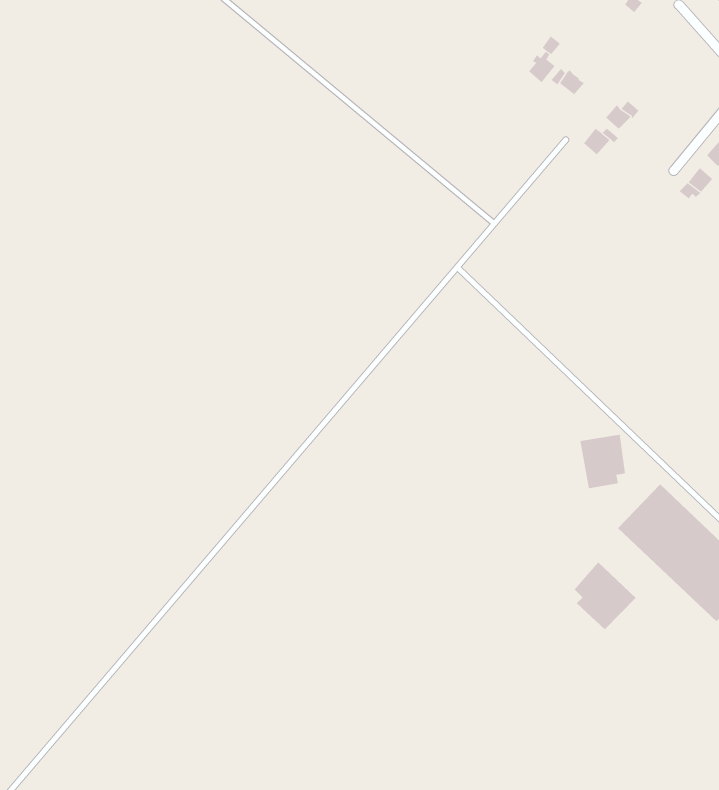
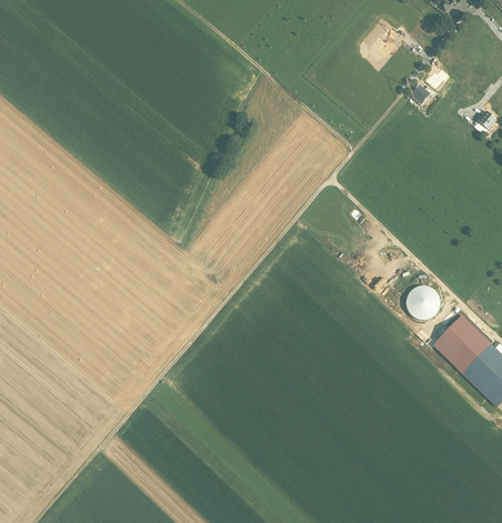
building: [574,562,636,630] -> none

